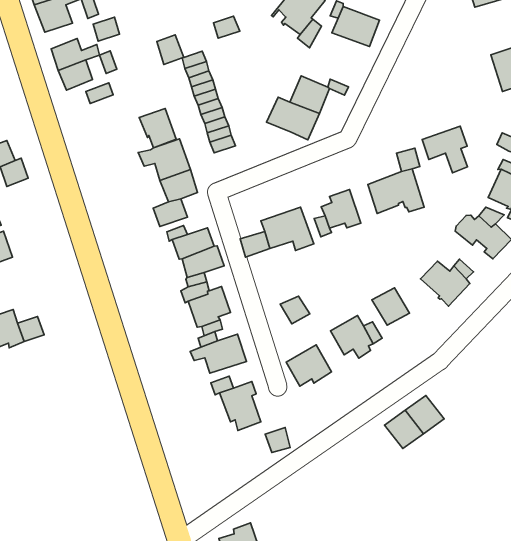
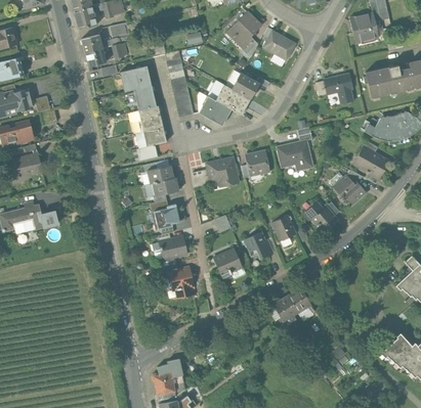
building: none -> [120,65,151,91]
building: none -> [198,95,230,125]
building: [422,126,468,173] -> [324,74,352,103]

